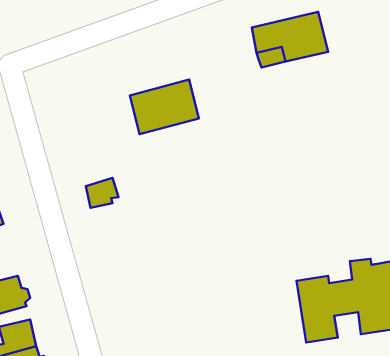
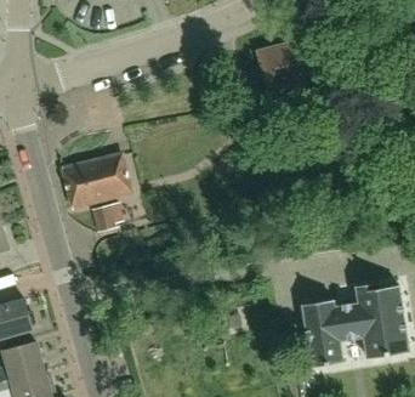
building: [130,80,199,134] -> [62,152,131,206]

